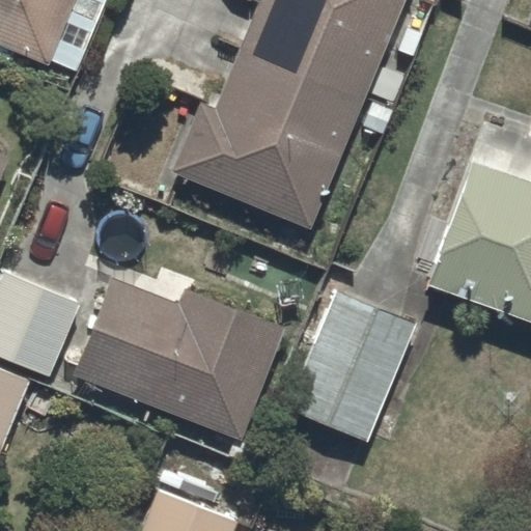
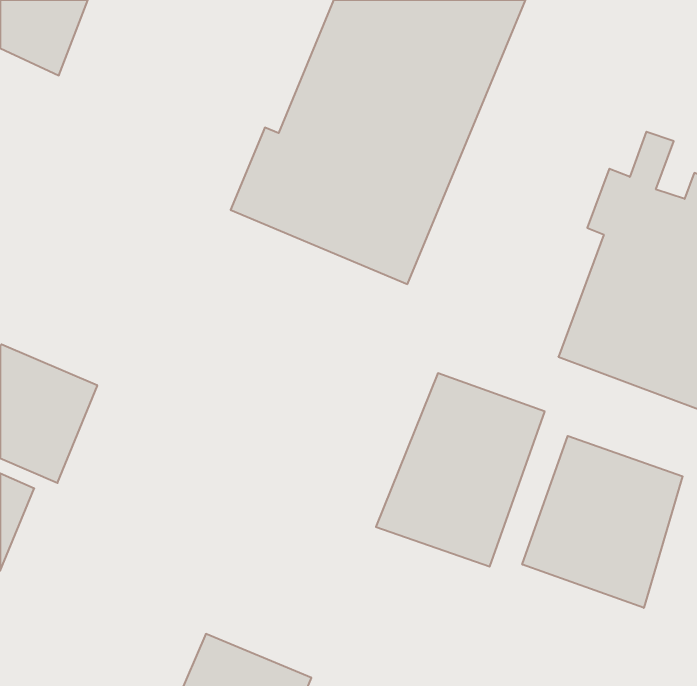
building: [71,279,284,441] -> none
building: none -> [522,436,683,608]

